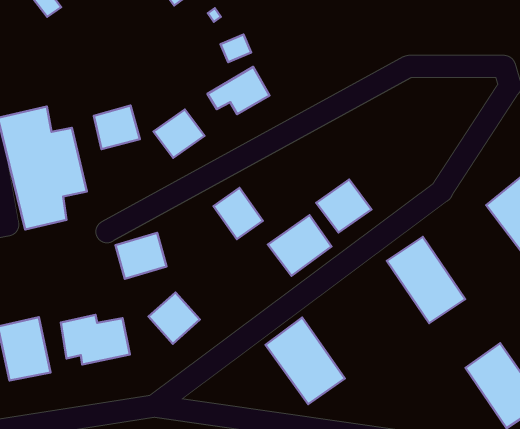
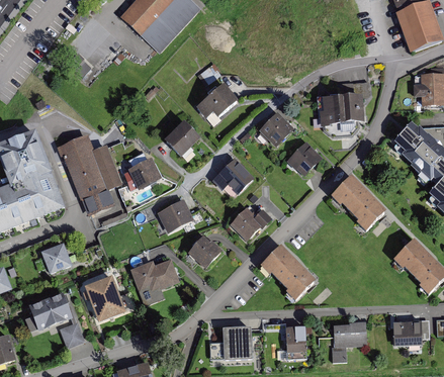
building: [94,105,140,149] -> [127,159,161,191]
building: none -> [312,98,359,127]
building: none -> [254,114,289,150]
building: [268,215,332,276] -> [224,203,266,246]

